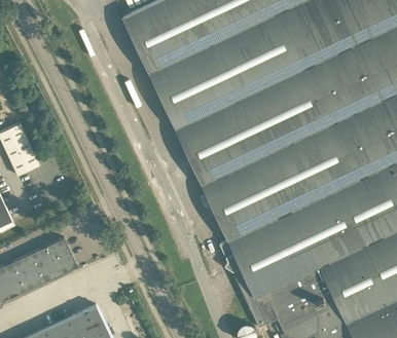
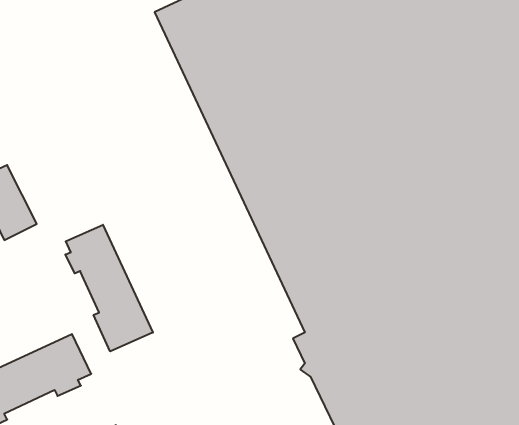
building: none -> [65,225,153,351]

